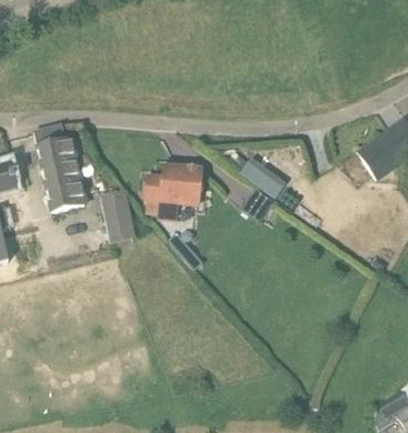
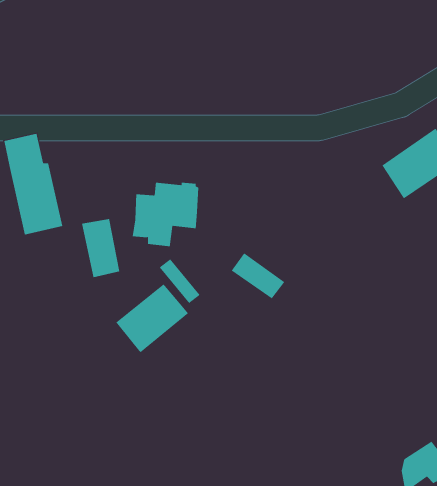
building: [240,161,287,201] -> [231,252,285,299]
building: none -> [116,284,189,353]

